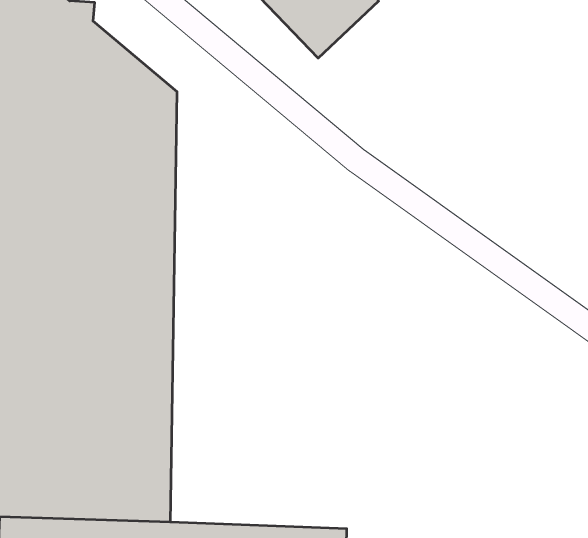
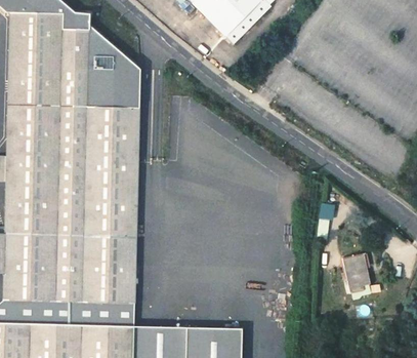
building: none -> [344,254,371,295]

